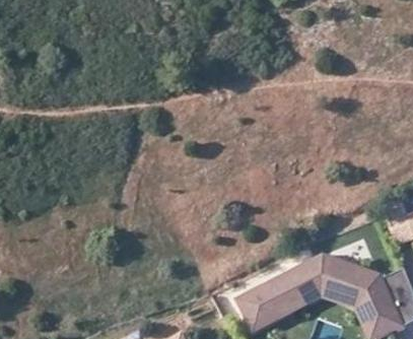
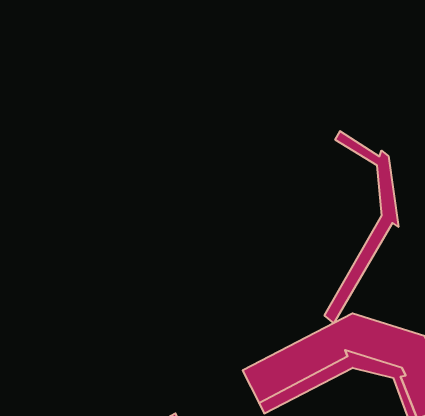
building: none -> [325,131,398,323]

